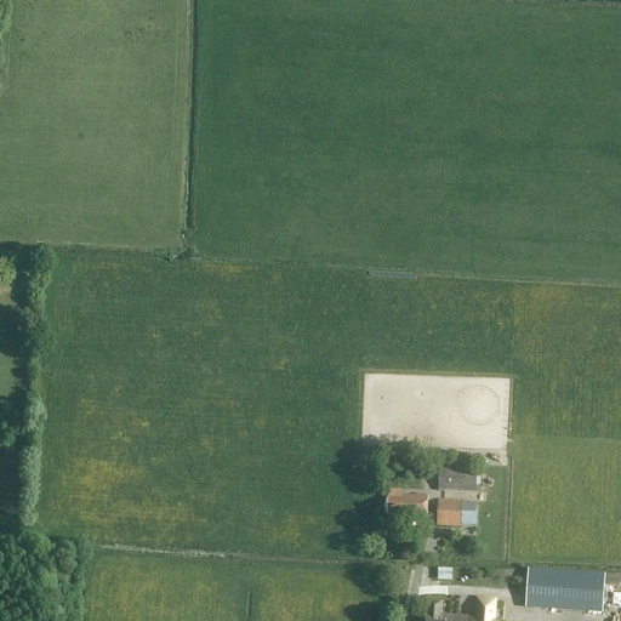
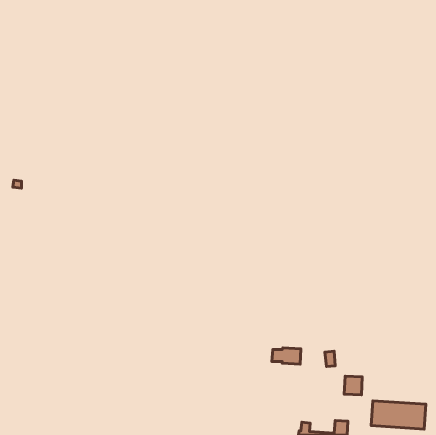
building: [437,467,474,490] -> none
building: [435,498,461,525] -> [344,376,362,395]

